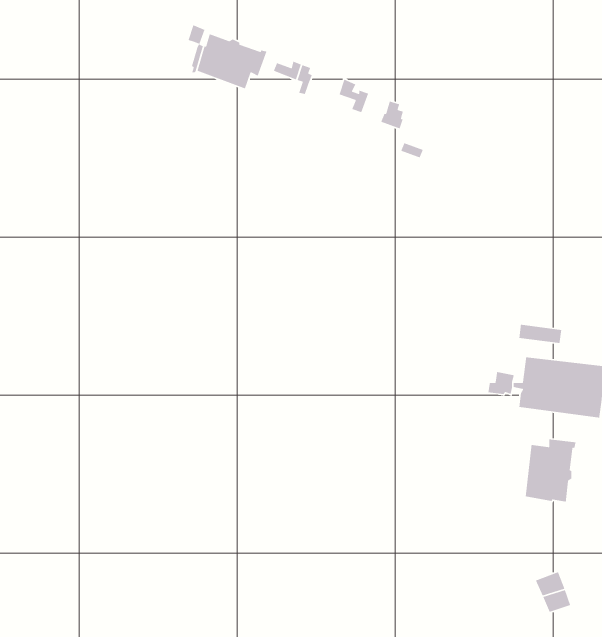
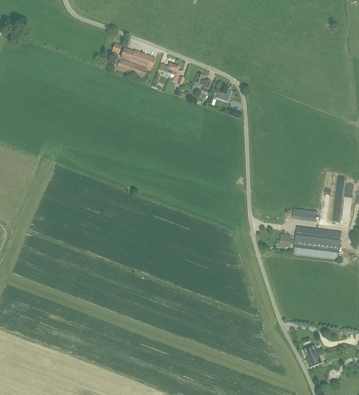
building: [525,438,577,503] -> none

